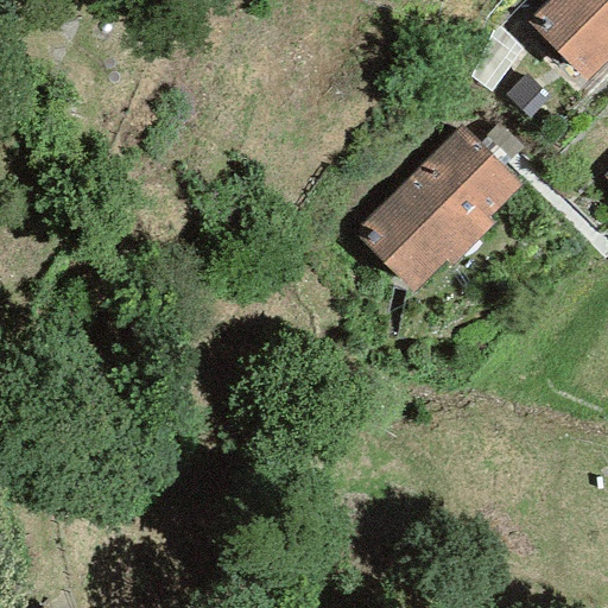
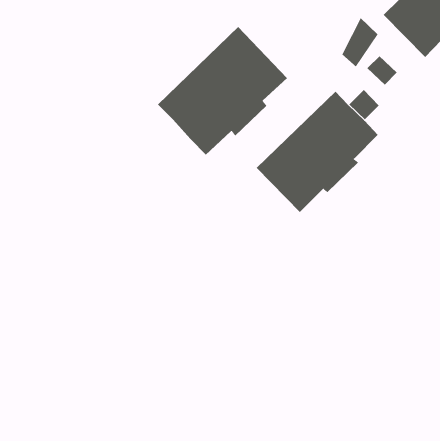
building: none -> [157,26,288,155]

